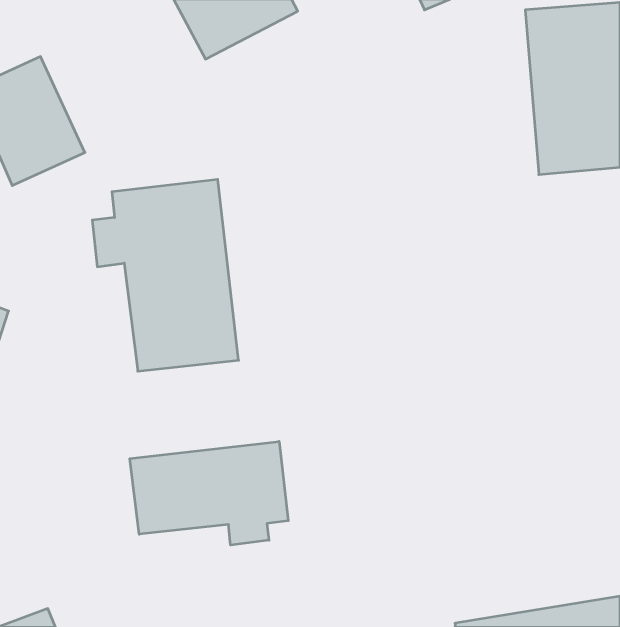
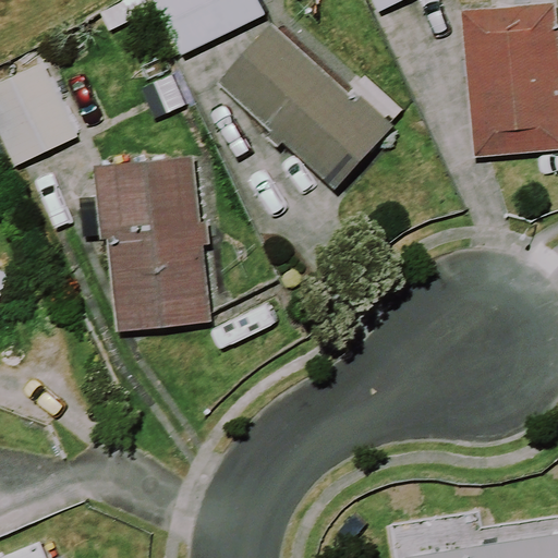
building: none -> [221,29,387,187]
building: [130,441,288,545] -> none

